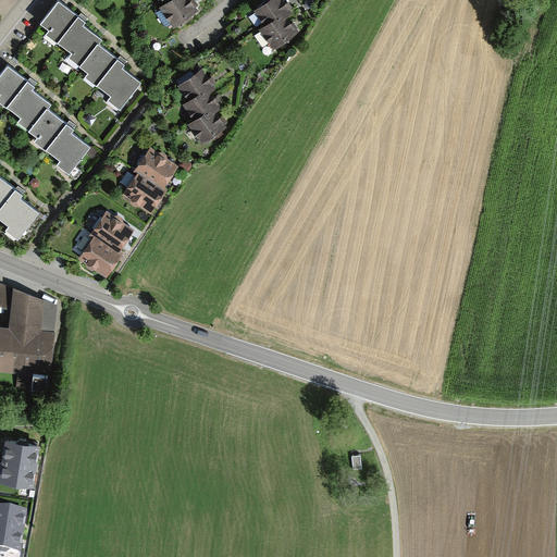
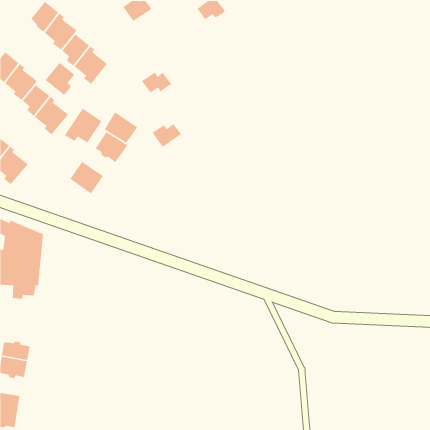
building: [259,18,297,50] -> none
building: [176,69,215,101] -> none
building: none -> [44,62,75,96]
building: [187,113,226,145] -> [152,123,182,148]
building: none -> [64,108,102,143]
building: [77,234,120,274] -> none

